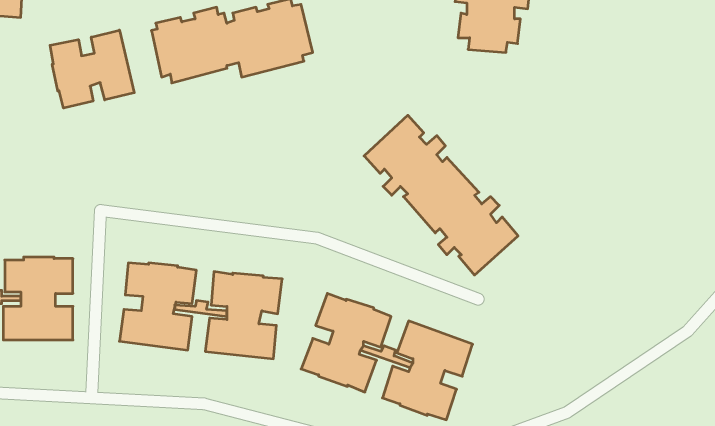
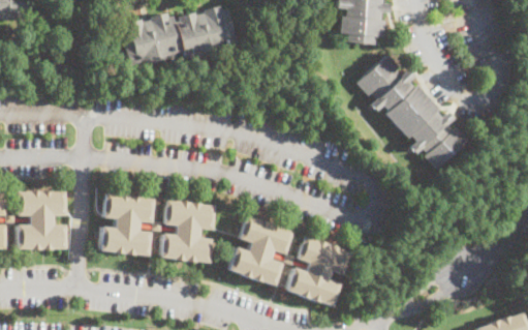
building: [50,30,134,108] -> none
building: [364,115,518,275] -> [358,54,467,168]

